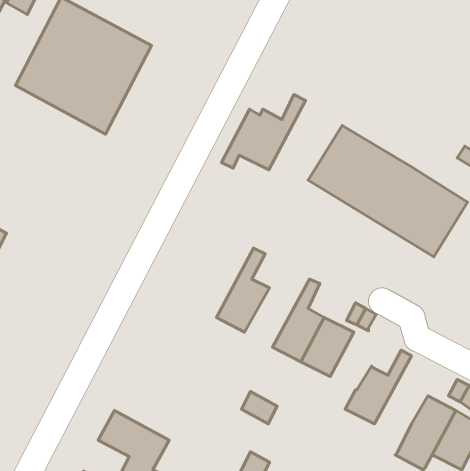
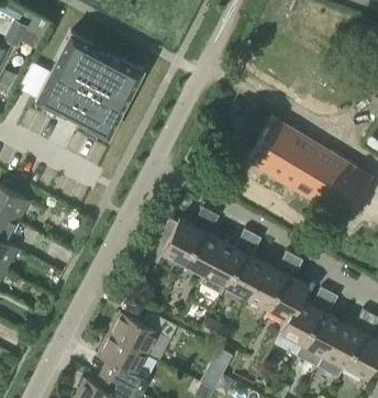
building: [221,94,306,170] -> [149,210,212,266]
building: none -> [201,233,254,297]
building: none -> [269,277,308,320]
building: none -> [296,295,342,368]
building: none -> [109,313,178,357]

